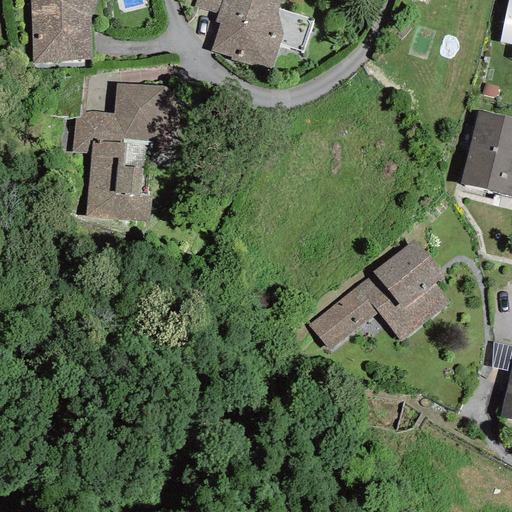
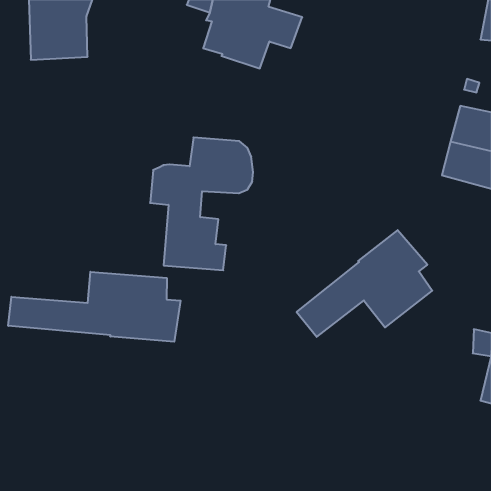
building: [73,83,180,221] -> [150,137,253,270]
building: none -> [8,272,181,342]

